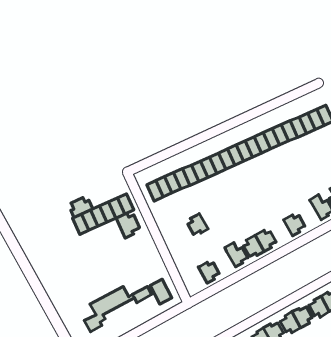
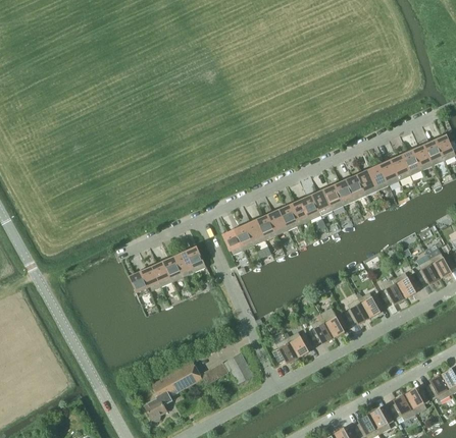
building: [71,197,93,217] -> none
building: none -> [415,259,441,284]
building: [116,213,139,238] -> none
building: [188,213,208,235] -> [308,318,334,344]
building: none -> [379,278,405,305]
building: none -> [272,337,298,364]

